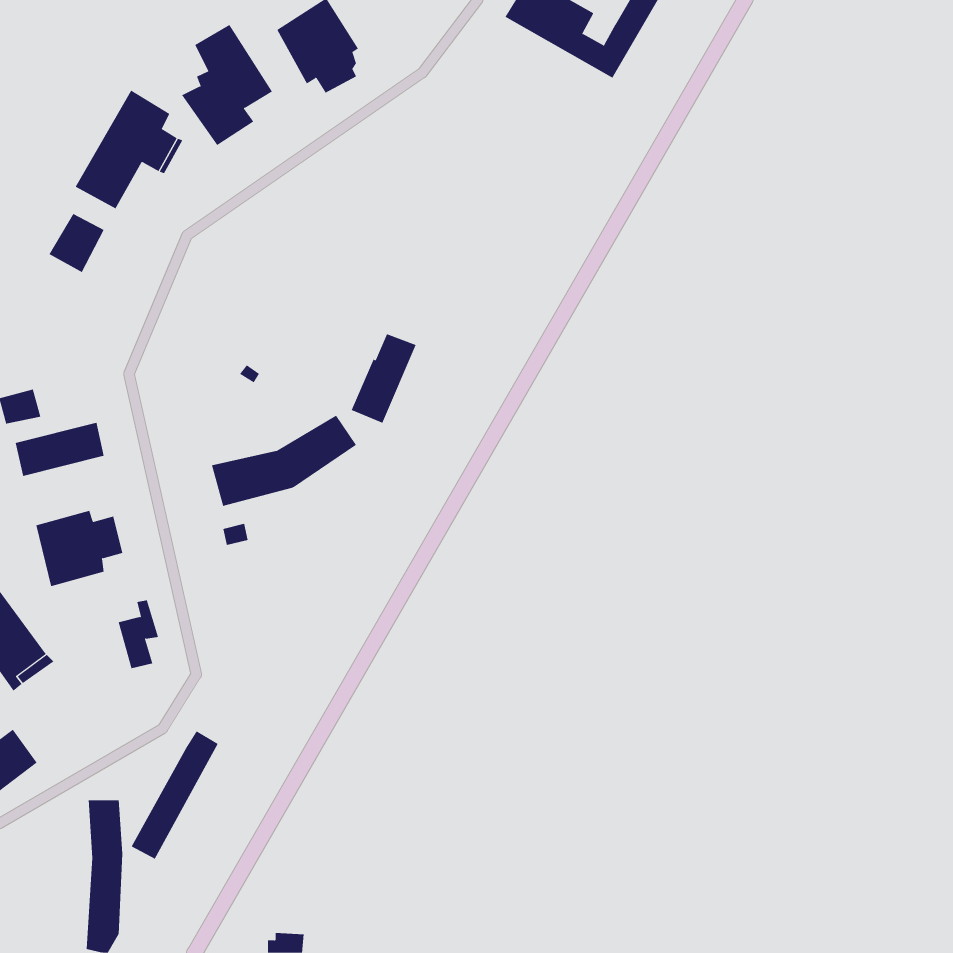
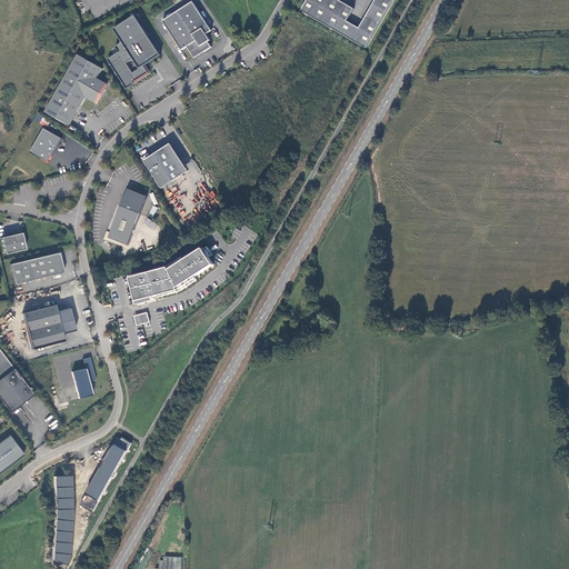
building: none -> [147,143,190,188]
building: [351,334,416,423] -> [108,190,147,243]

